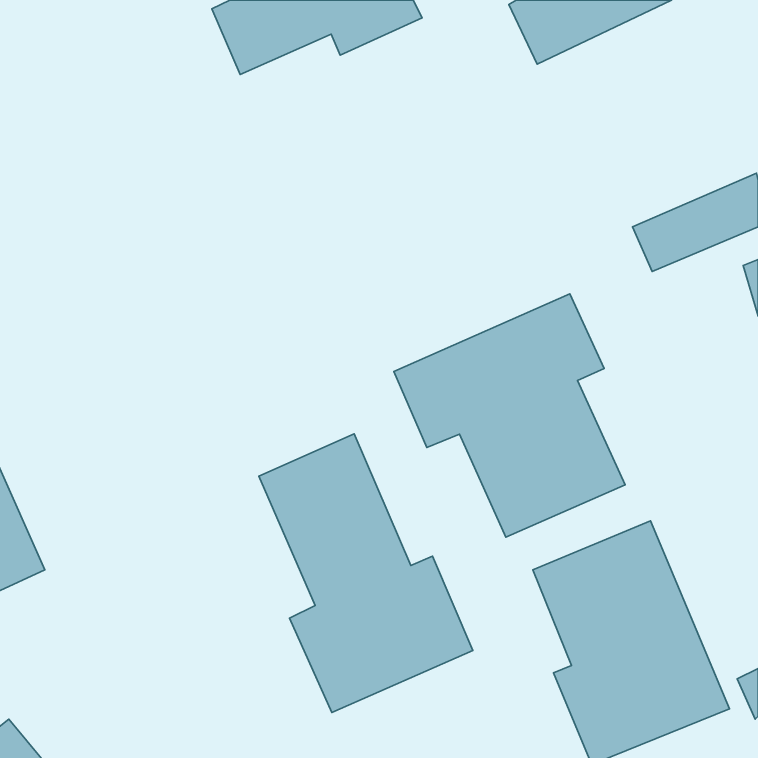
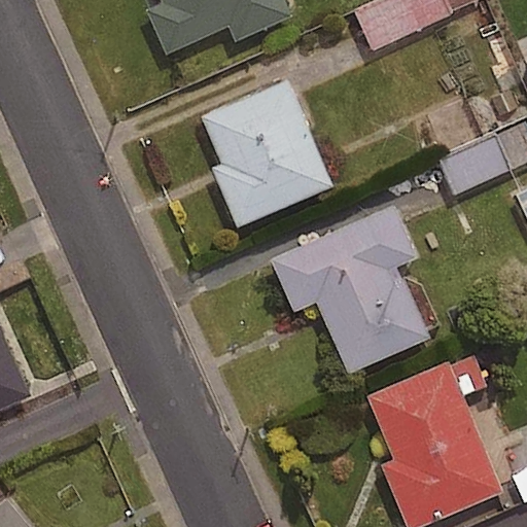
building: none -> [200,78,333,227]
building: [259,434,473,713] -> none

